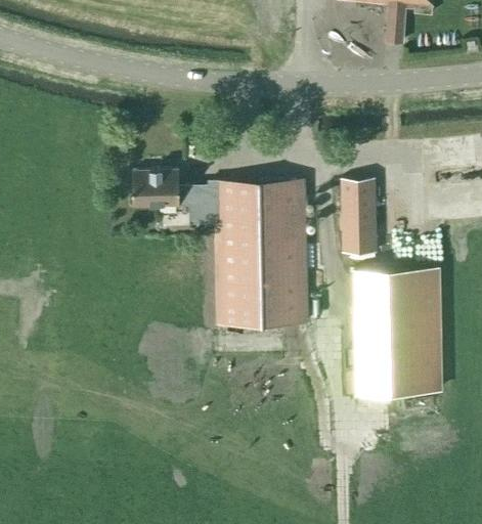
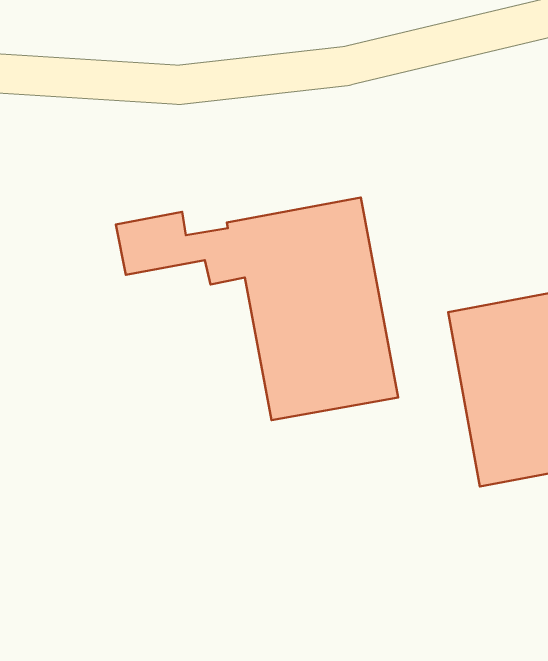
building: [340,180,376,255] -> none

